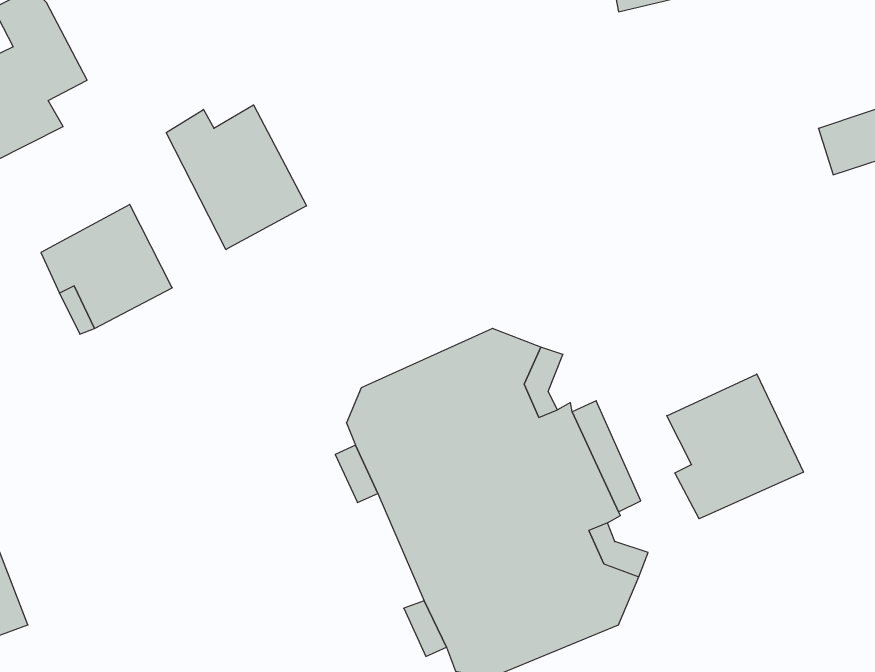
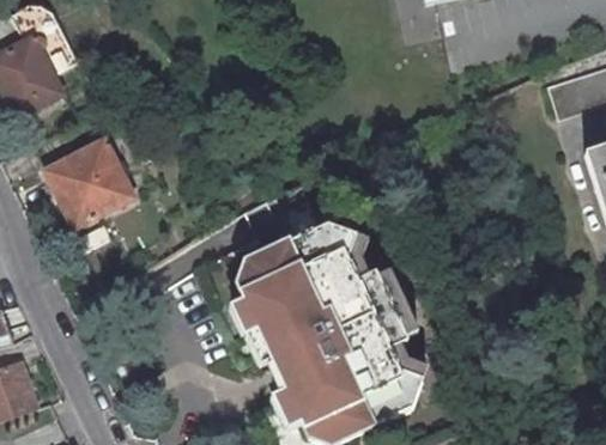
building: [166,105,307,250] -> none
building: [667,374,803,519] -> none

